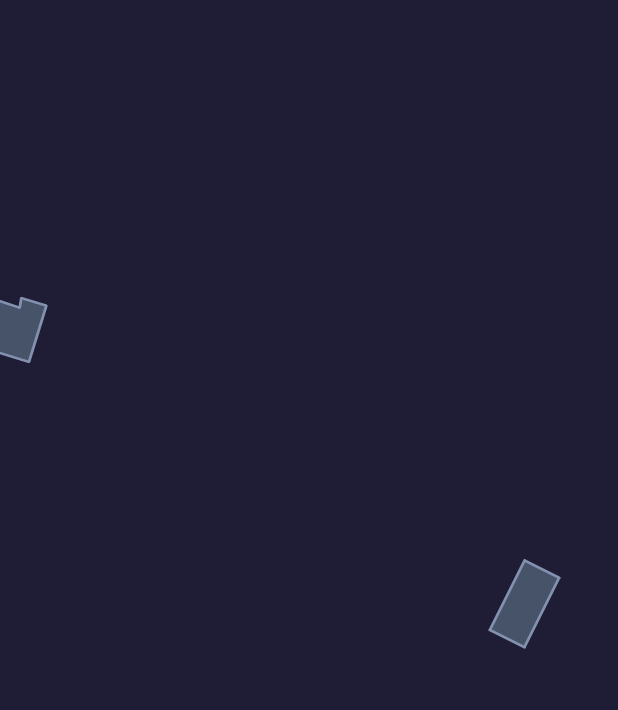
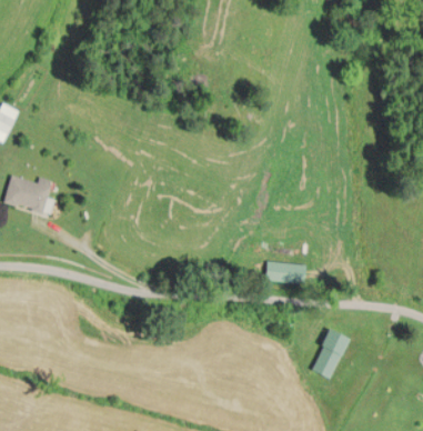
building: none -> [265,262,304,281]

